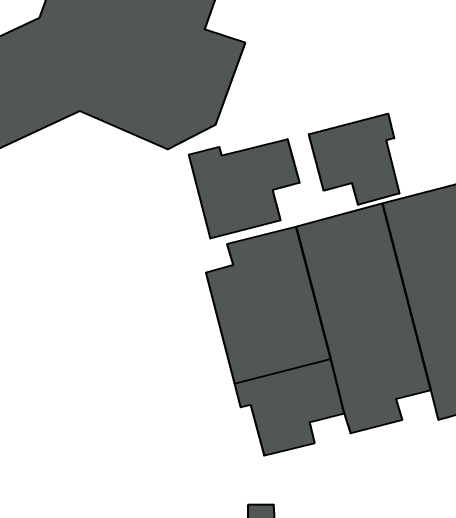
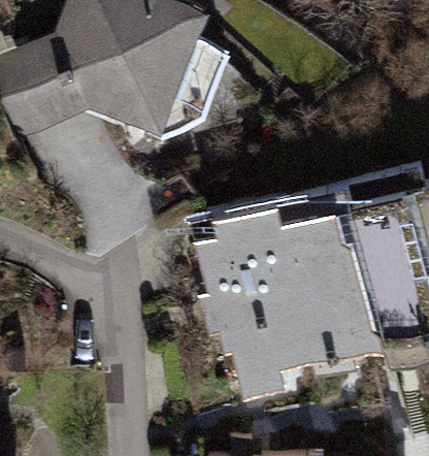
building: [309,114,399,205] -> none
building: [189,139,300,239] -> none

